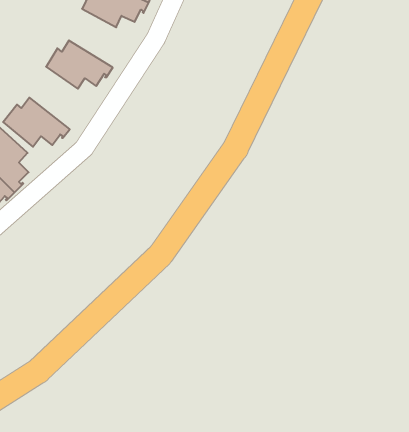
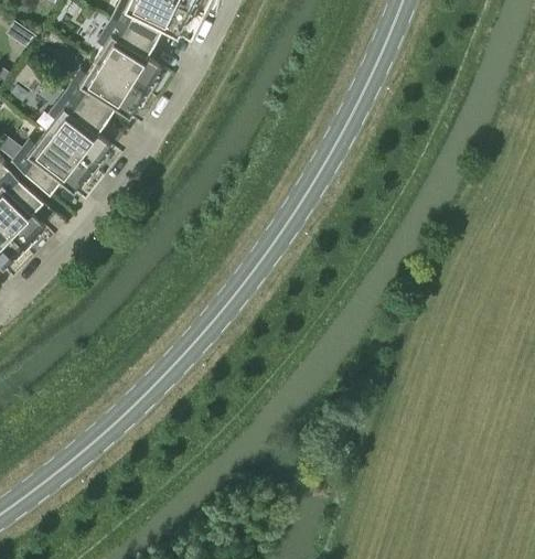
building: none -> [94,21,160,95]
building: none -> [44,94,109,172]

